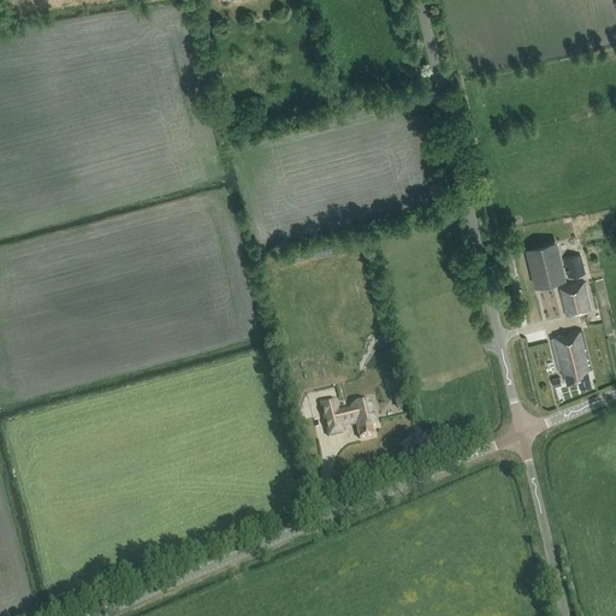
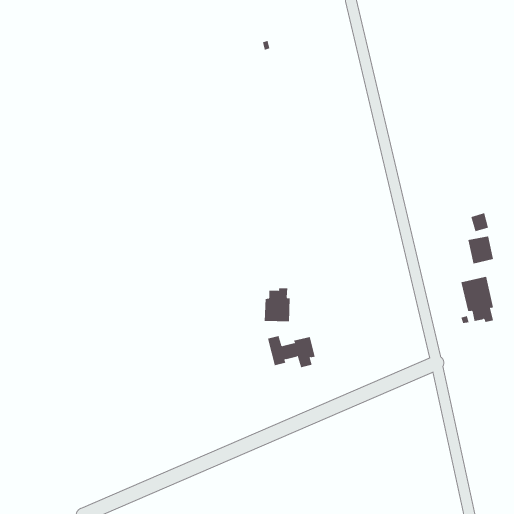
building: [523,242,564,288] -> none
building: none -> [264,288,290,322]

